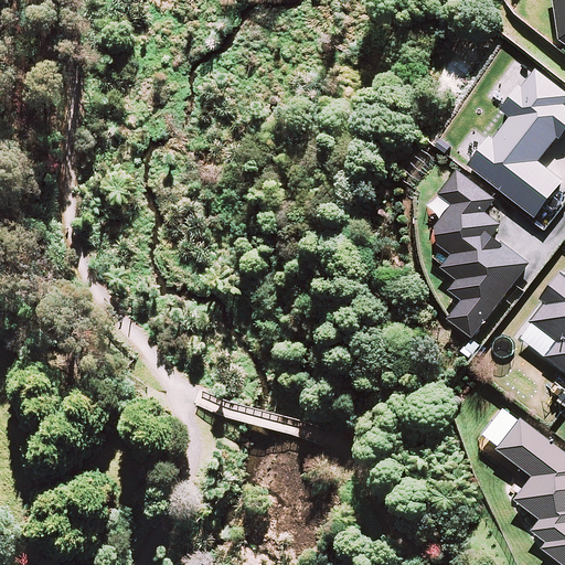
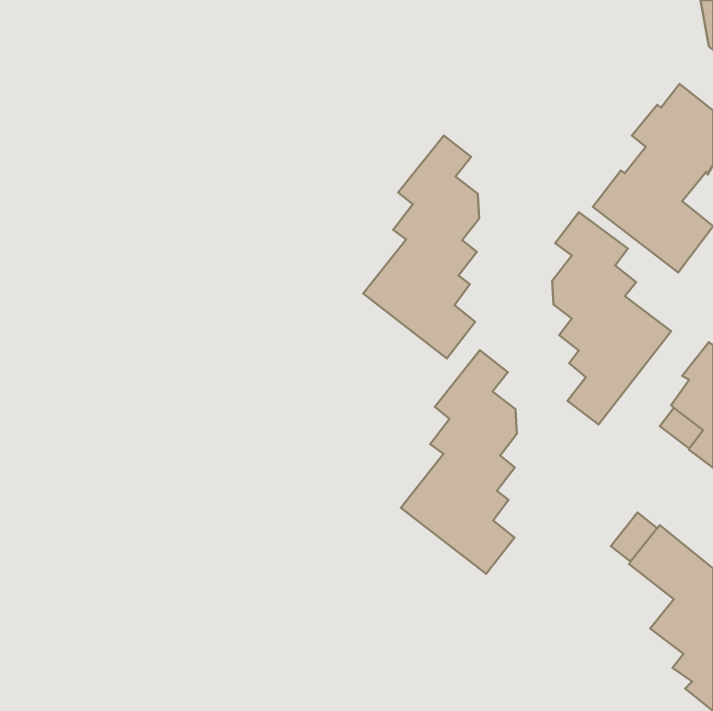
building: none -> [363,136,479,358]
building: none -> [401,350,517,574]

